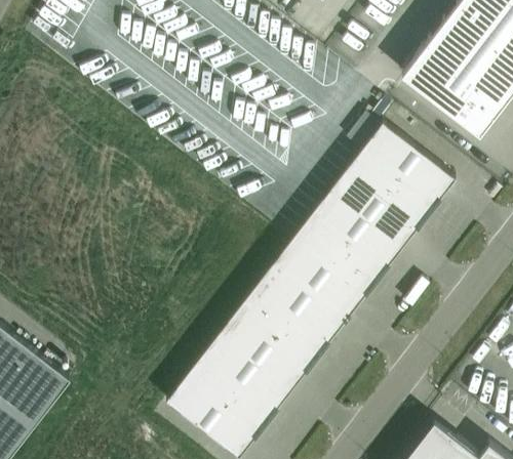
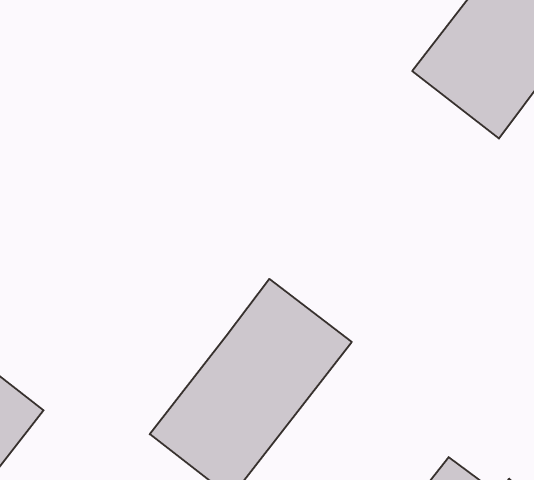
building: [273,124,455,320] -> none

